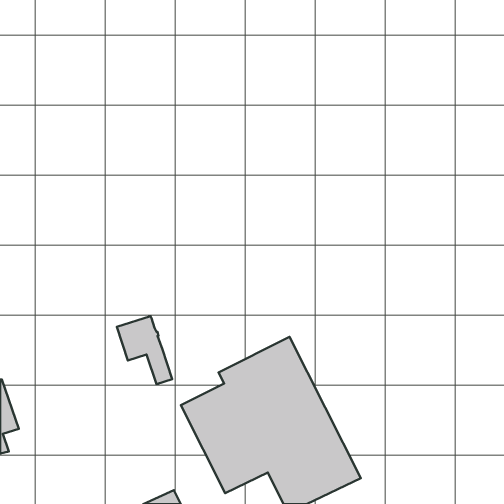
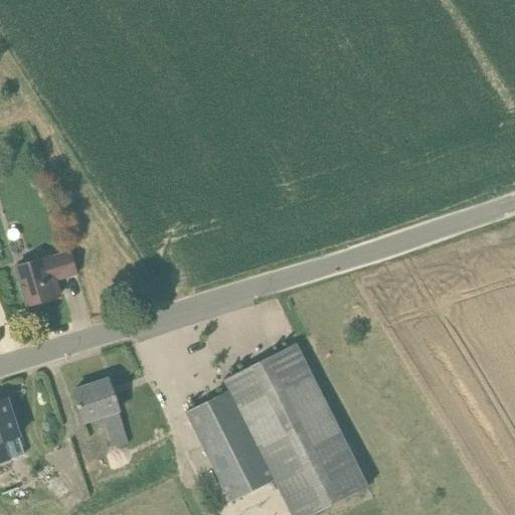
building: none -> [15,249,77,306]
building: [117,316,172,384] -> [73,379,130,449]

